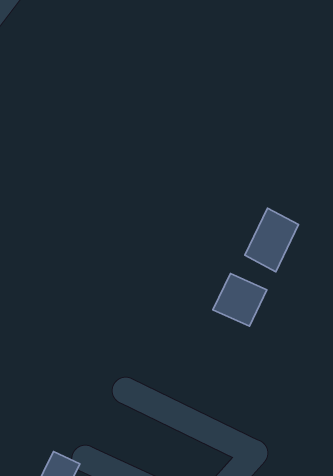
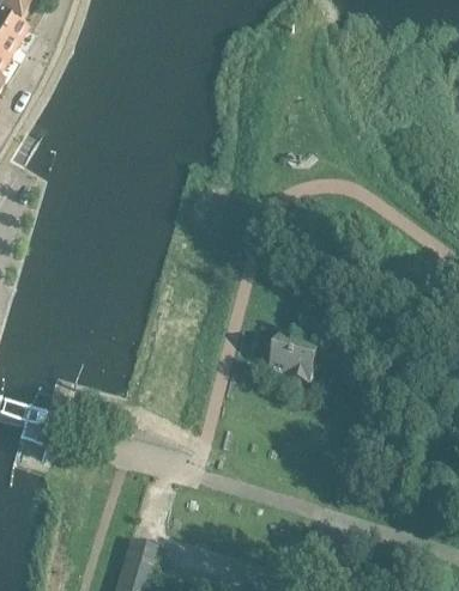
building: [245,208,299,272] -> none

